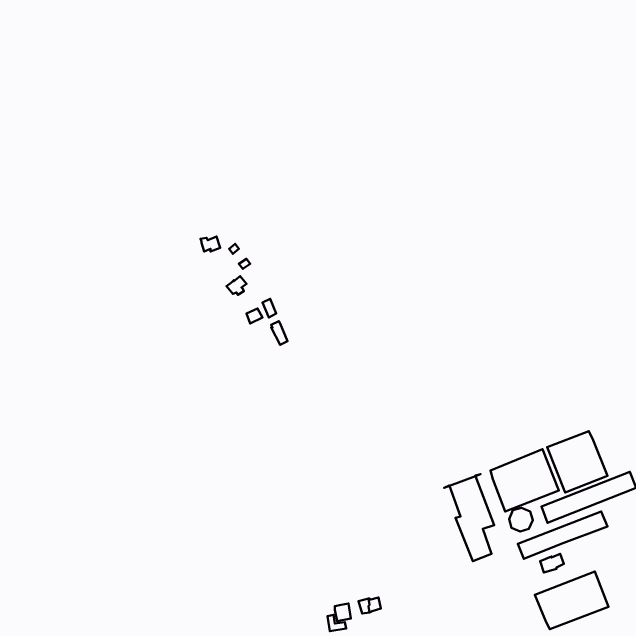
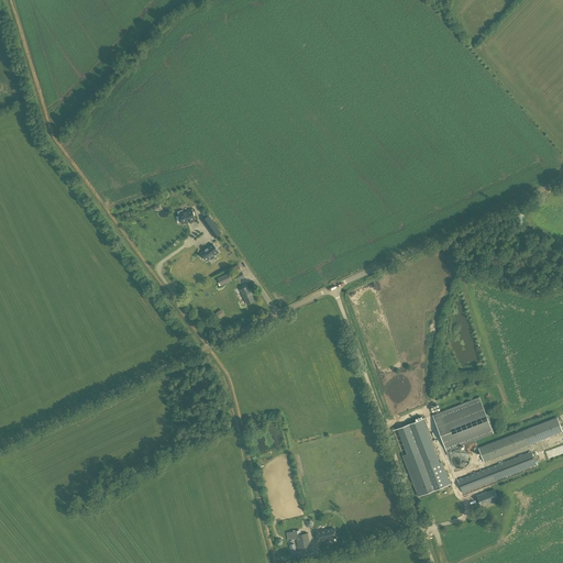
building: [547,431,607,492] -> none
building: [535,572,608,629] -> none

